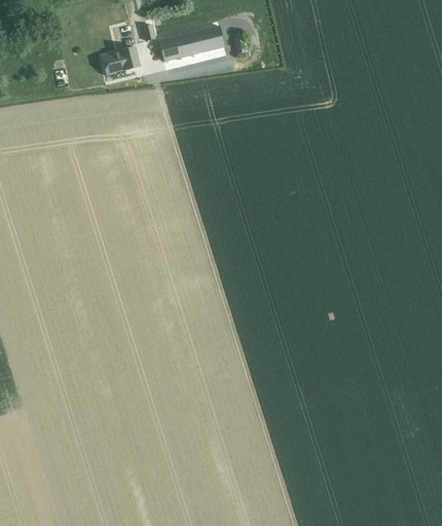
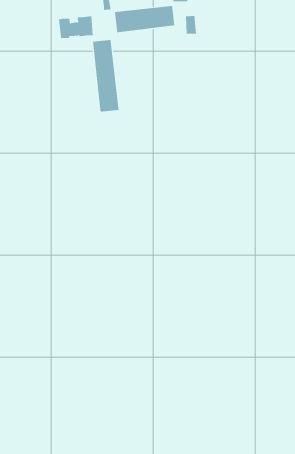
building: none -> [93,39,119,113]

